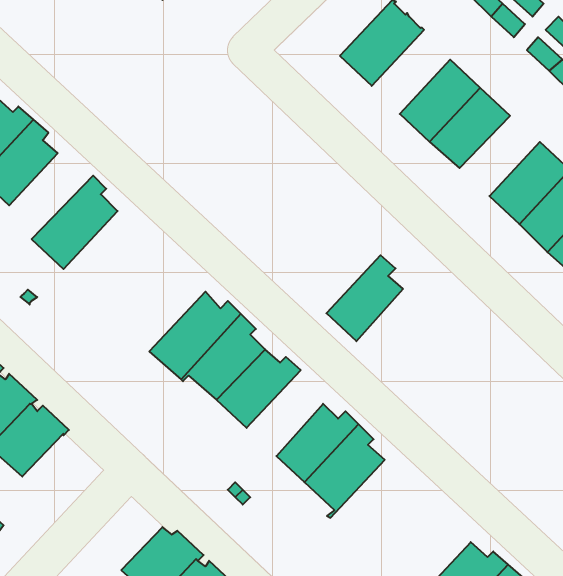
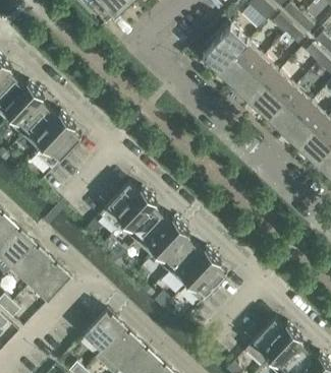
building: none -> [219,41,262,86]
building: none -> [267,87,311,131]
building: none -> [21,108,67,154]
building: [326,255,403,341] -> [151,226,192,272]
building: none -> [29,260,71,301]

